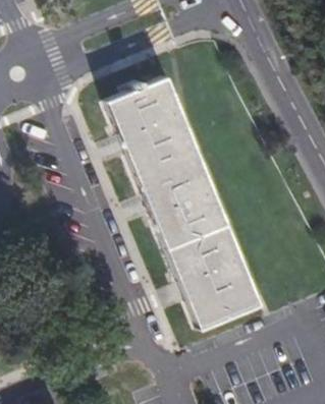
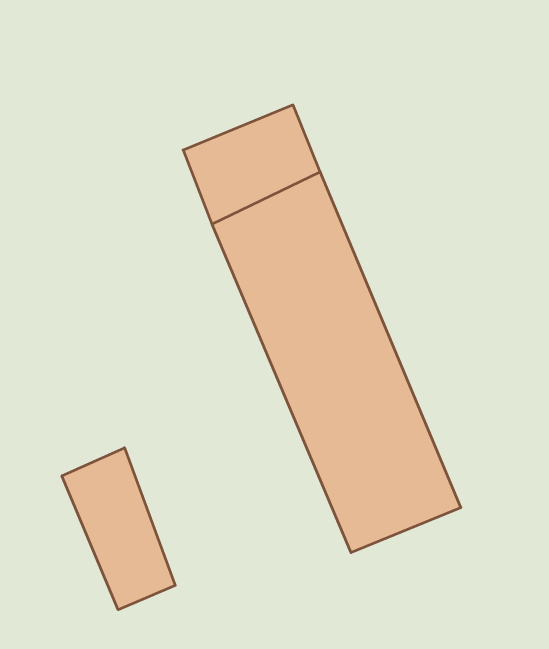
building: none -> [62,448,175,610]

